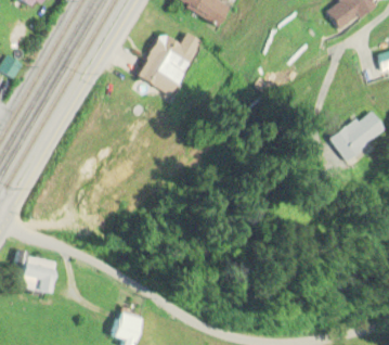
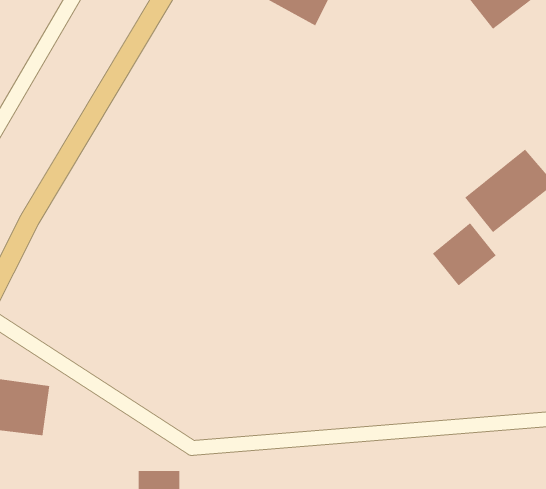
building: [139,33,198,94] -> none
building: none -> [432,222,497,287]

